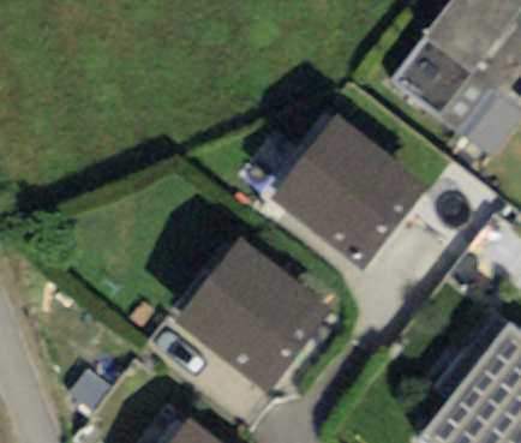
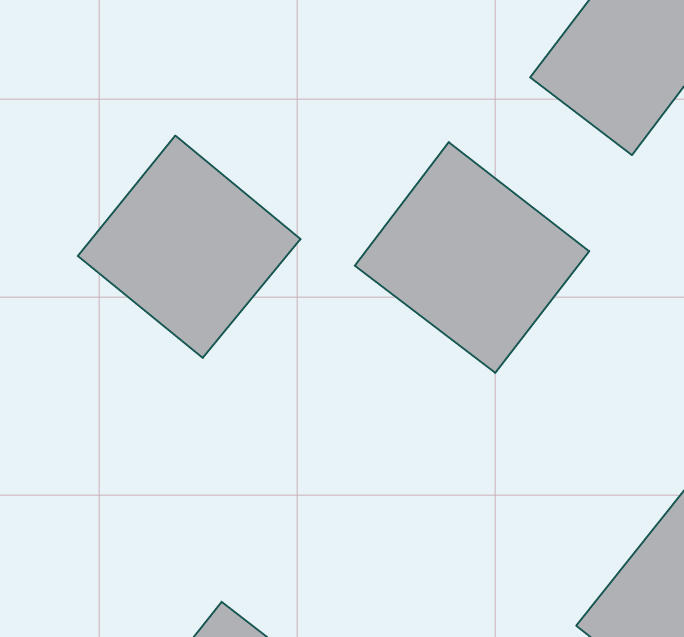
building: none -> [78,136,301,358]
building: [175,240,334,396] -> none

